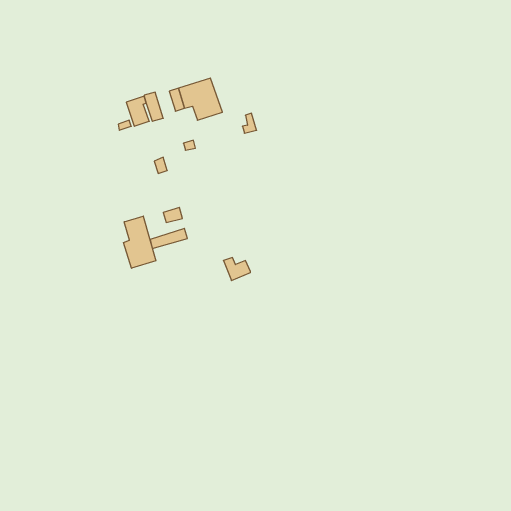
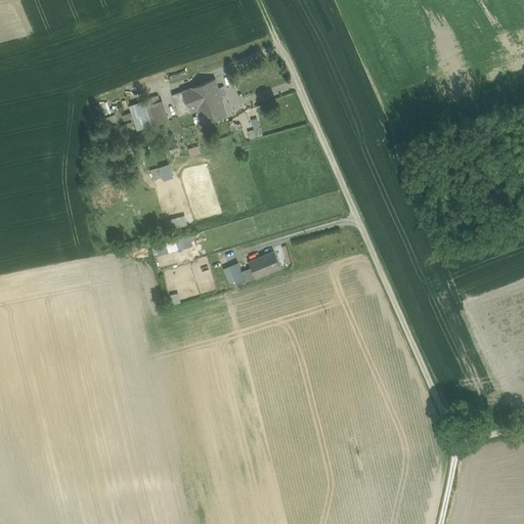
building: [124,216,156,268] -> none
building: none -> [250,251,281,277]

